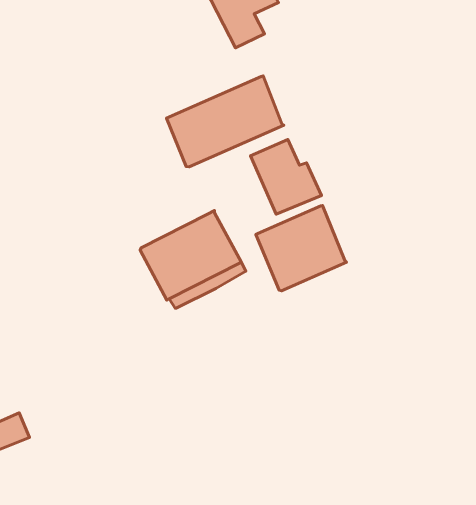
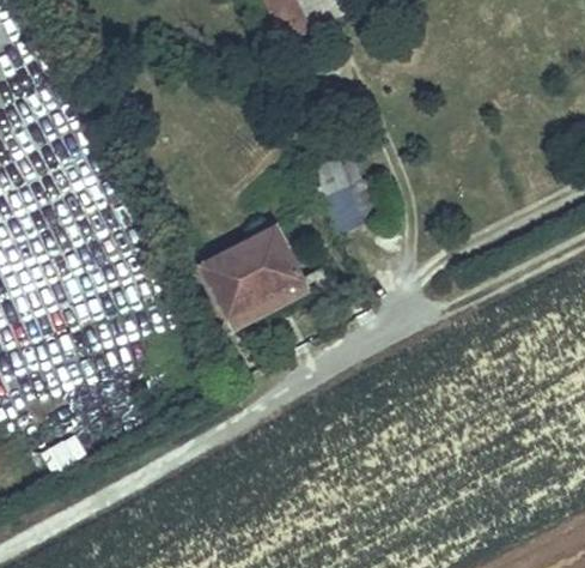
building: [166,76,284,167] -> none
building: [256,206,347,291] -> none

